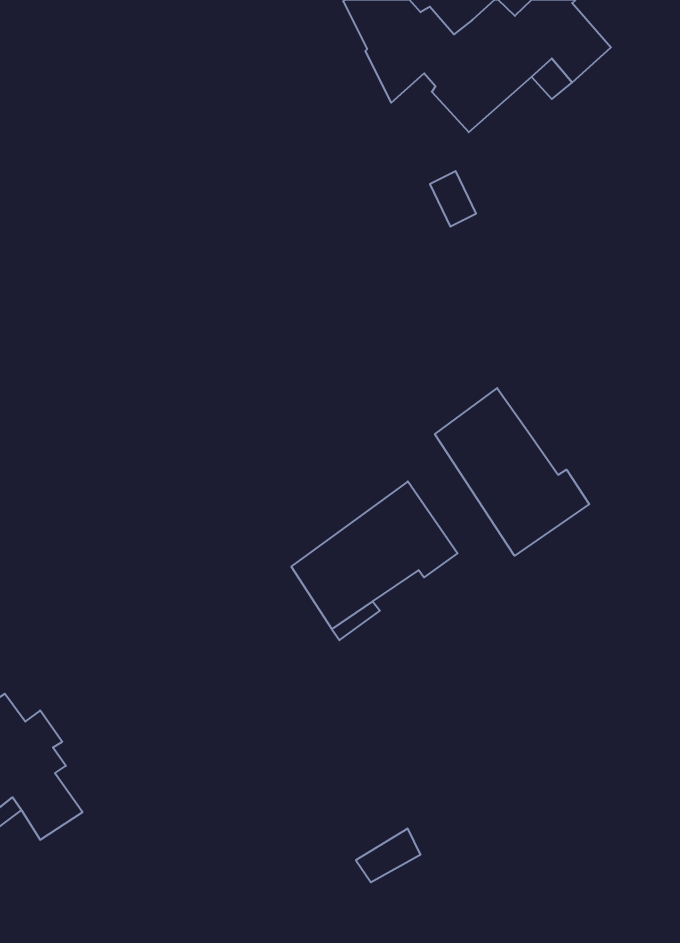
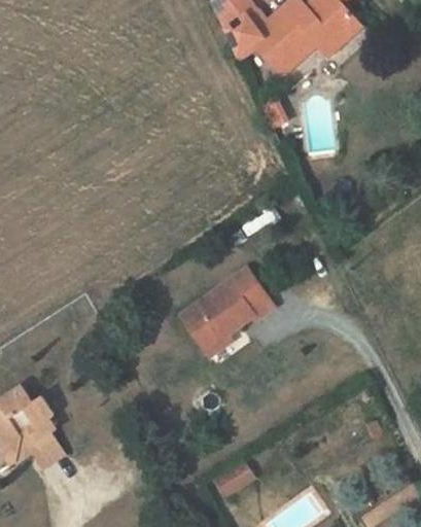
building: [435,388,589,556] -> none

